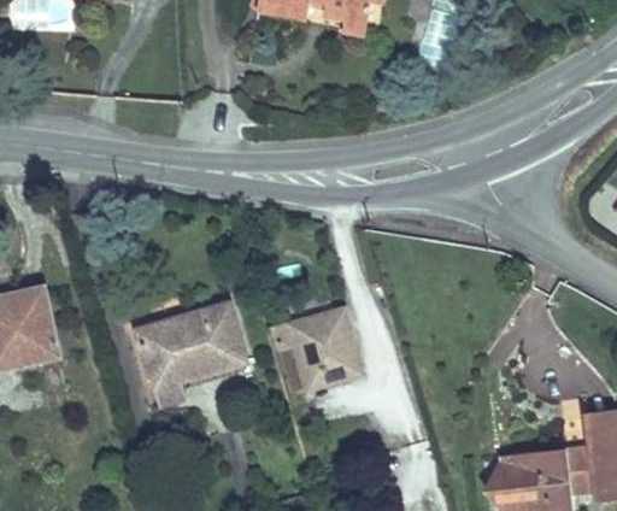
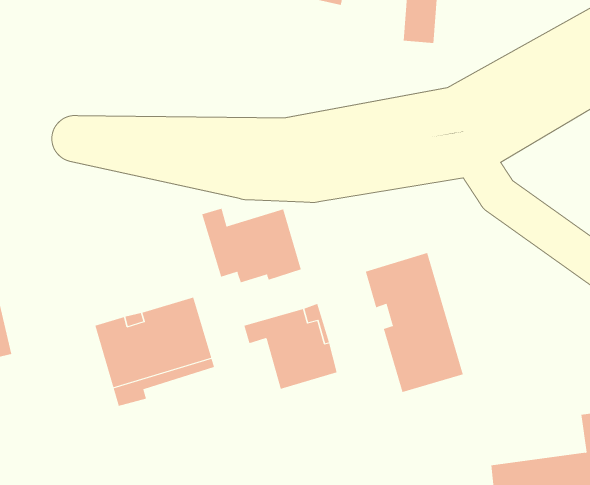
building: none -> [201,208,302,283]
building: none -> [365,252,463,393]

